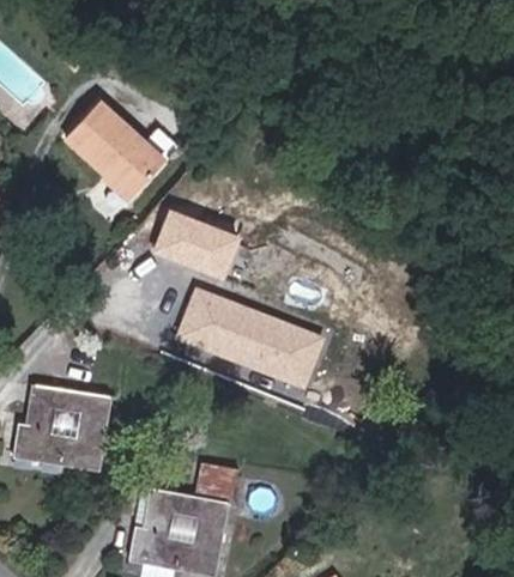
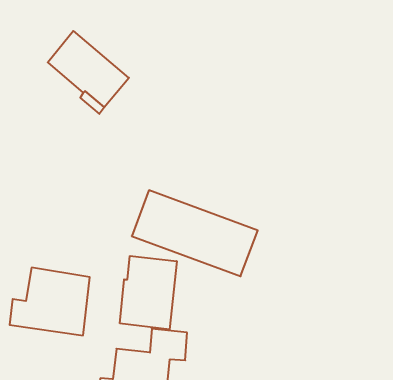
building: [149,213,237,278] -> none
building: none -> [120,256,177,329]

